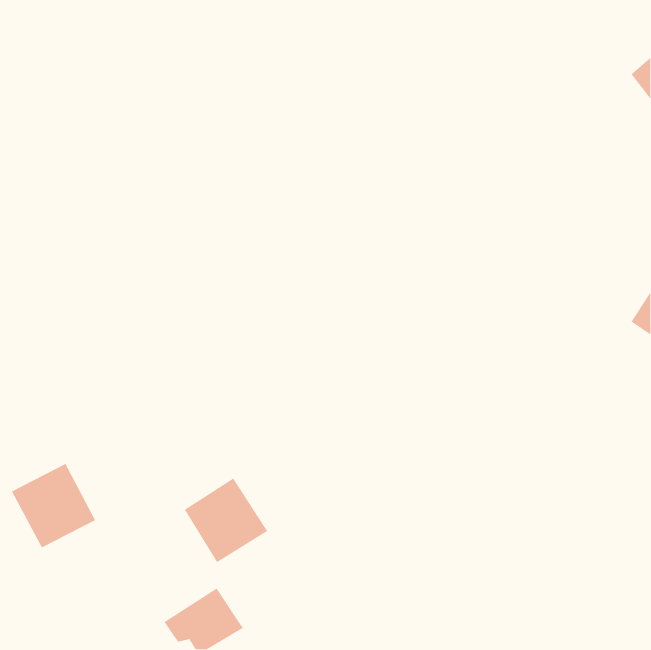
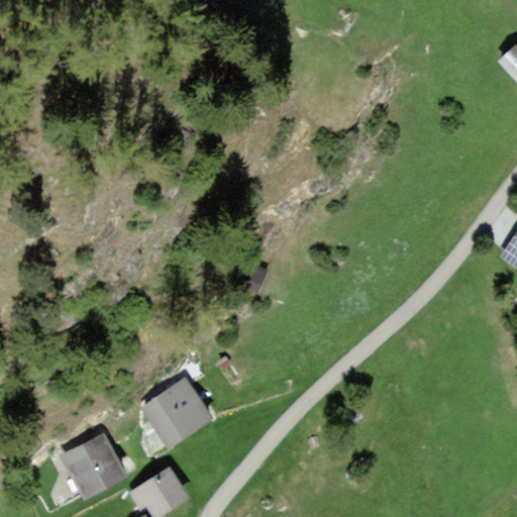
building: [11,463,96,548] -> [59,433,126,501]

